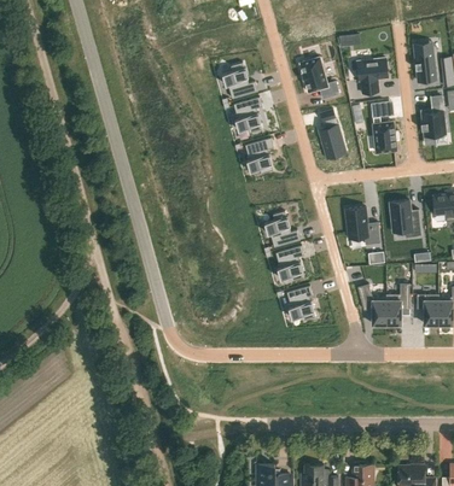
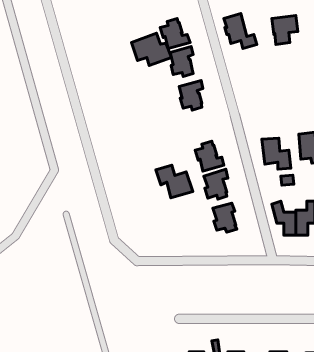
building: none -> [132,33,171,66]
building: [319,106,340,154] -> none
building: [373,116,398,151] -> none
building: none -> [156,165,193,198]

